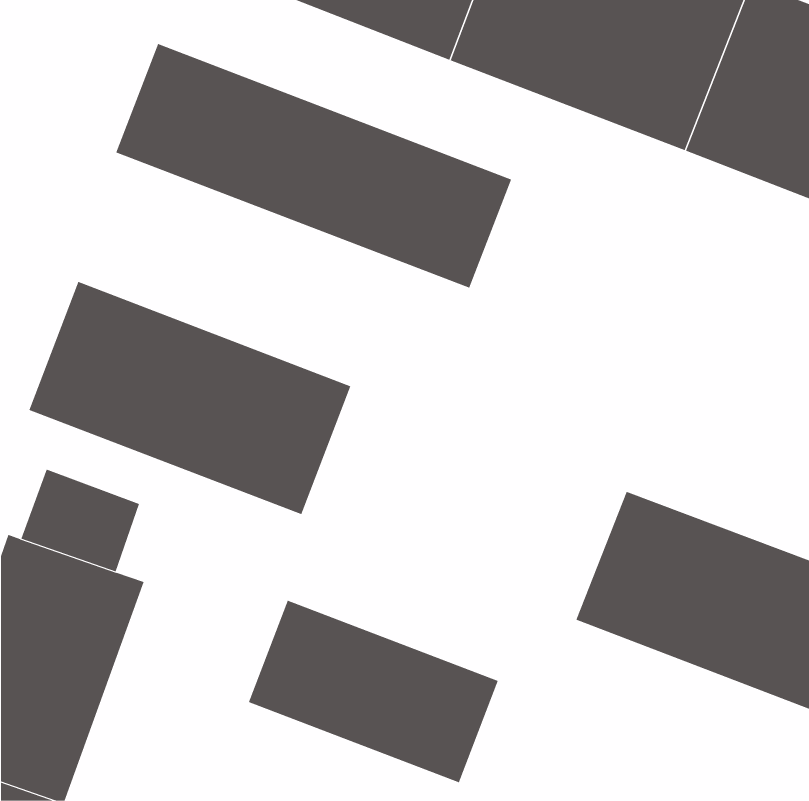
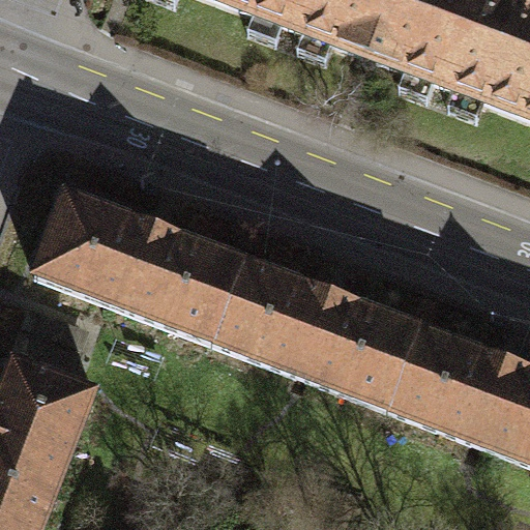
building: [116,43,512,288] -> none
building: none -> [199,252,410,404]
building: [248,600,499,783] -> none

